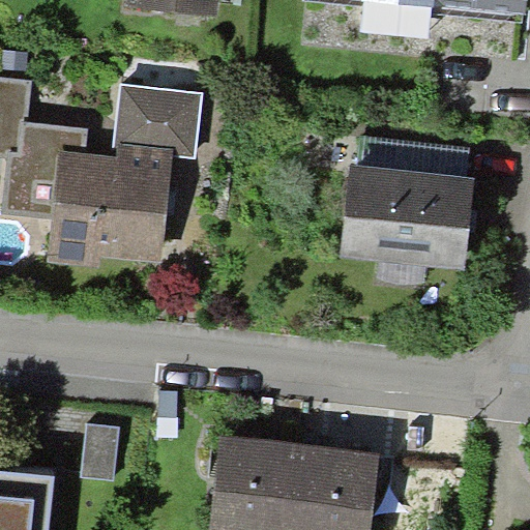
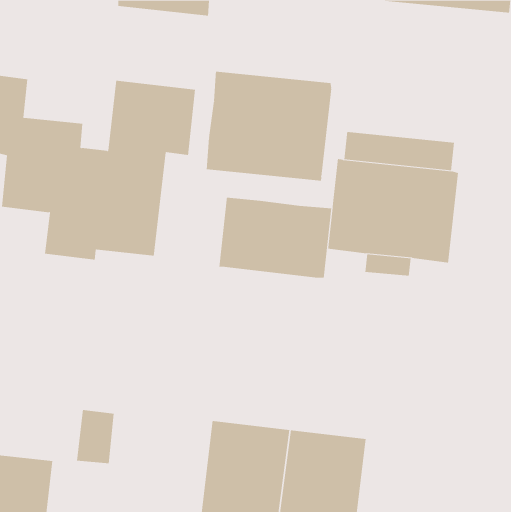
building: none -> [206,71,332,182]
building: none -> [219,197,332,278]

